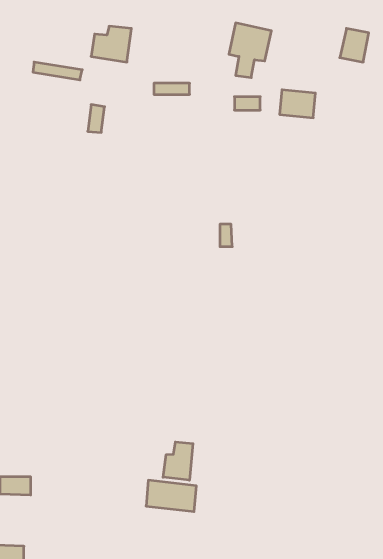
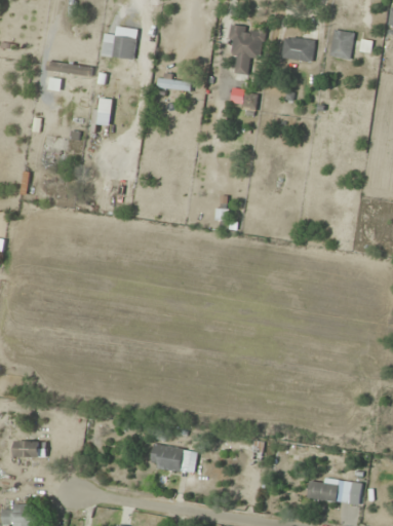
building: [280,90,315,118] -> [280,36,313,62]
building: [163,442,193,480] -> none
building: none -> [306,478,360,503]

